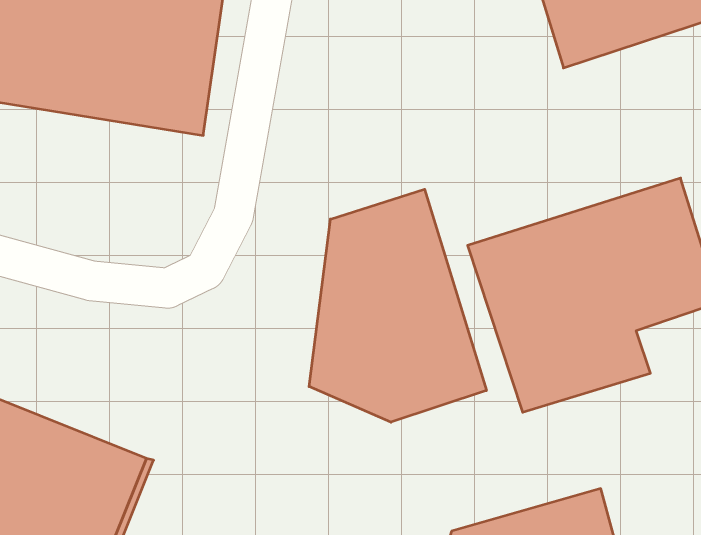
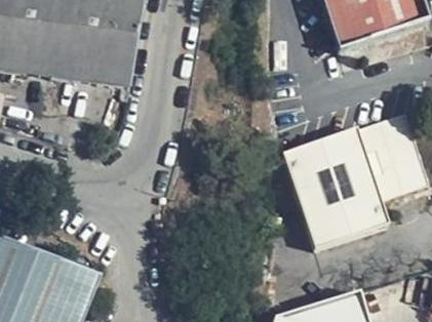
building: [309,189,486,422] -> none

